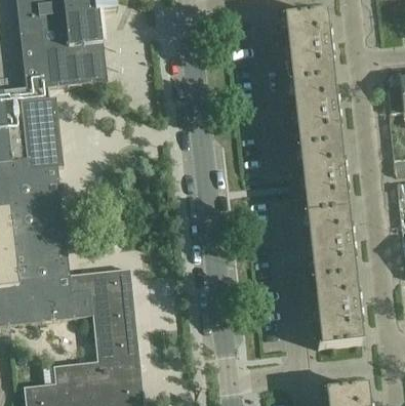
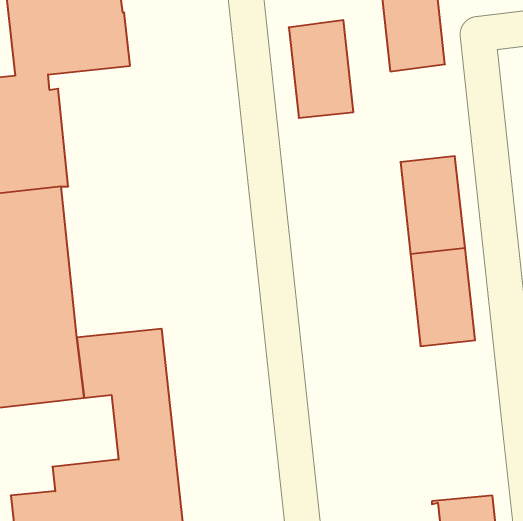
building: [293,79,339,149] -> [289,20,353,118]
building: [315,276,361,348] -> none

